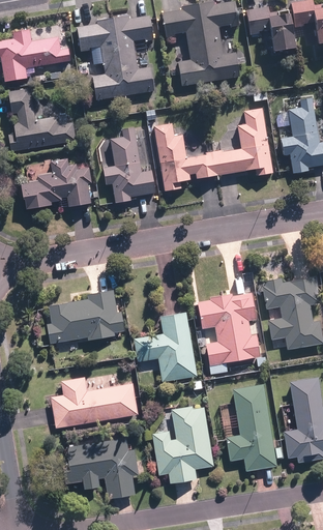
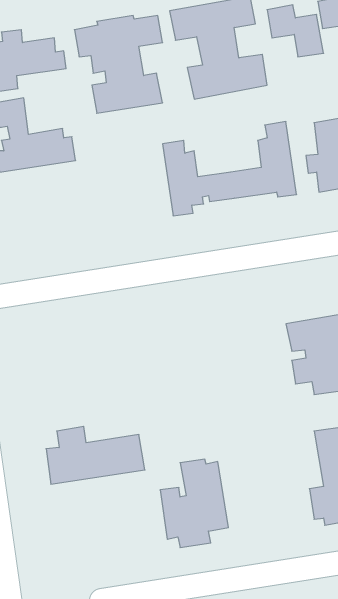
building: [104,126,156,202] -> none
building: [21,157,99,208] -> none
building: [47,289,125,343] -> none
building: [197,292,260,365] -> none
building: [135,311,197,381] -> none
building: [225,382,277,471] -> none
building: [58,436,138,497] -> none

